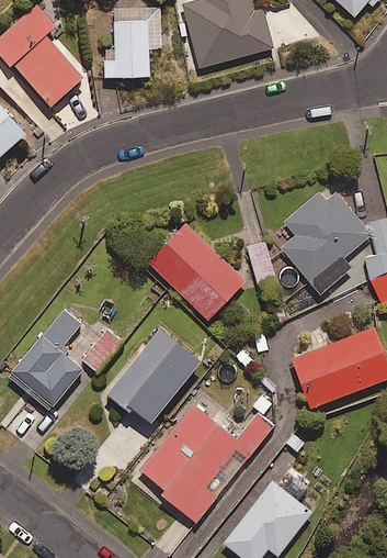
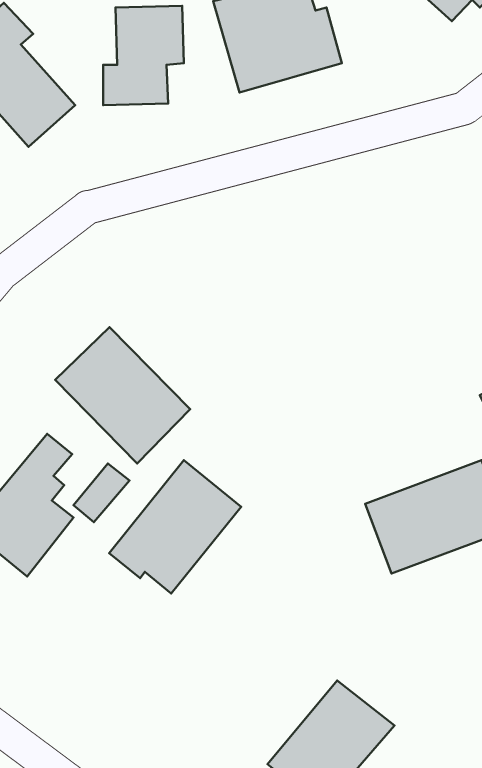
building: [281,196,367,294] -> none
building: [150,224,246,321] -> [55,327,190,464]
building: [141,404,273,522] -> none

